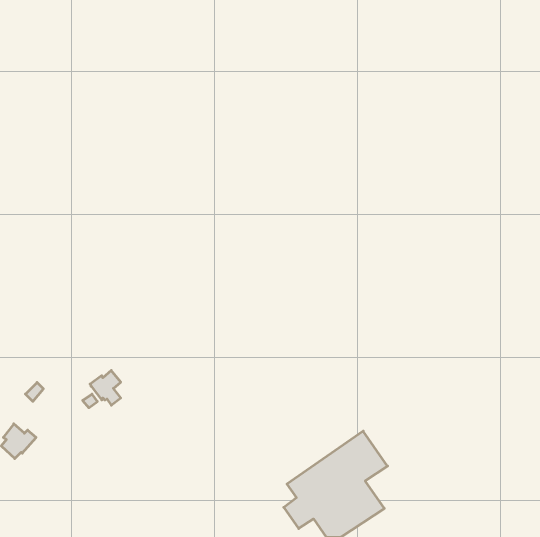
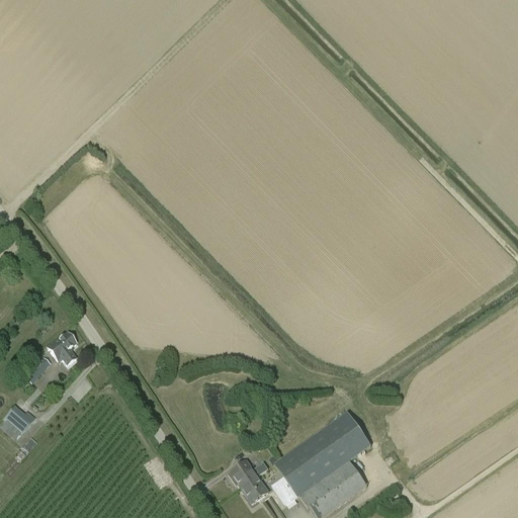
building: [90,370,121,405] -> [48,332,77,365]
building: none -> [228,458,269,503]

